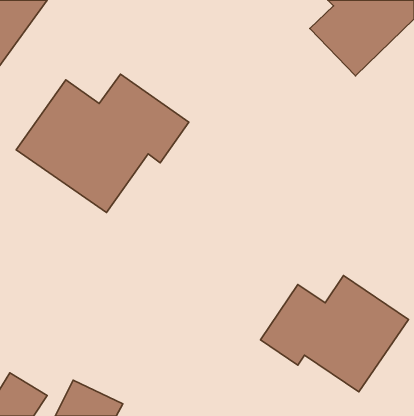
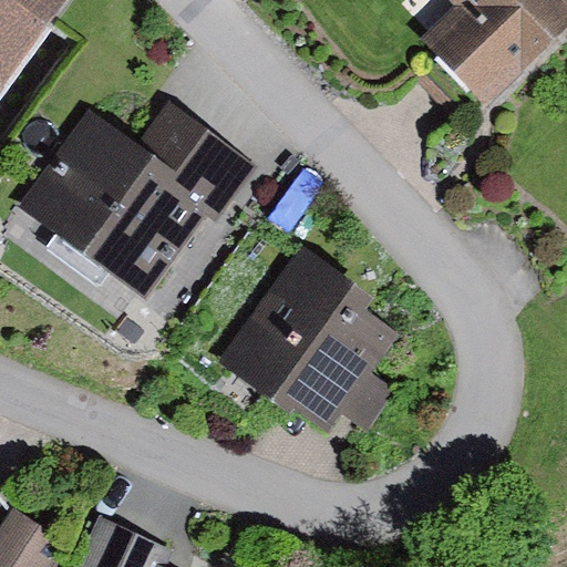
building: none -> [216,246,398,433]
building: [260,276,409,392] -> none

